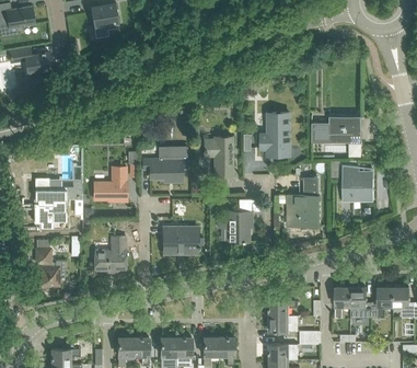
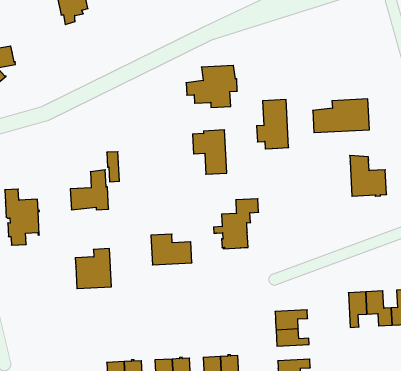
building: [143,146,188,182] -> [186,65,237,107]
building: [289,179,320,227] -> none
building: [36,249,65,285] -> none

